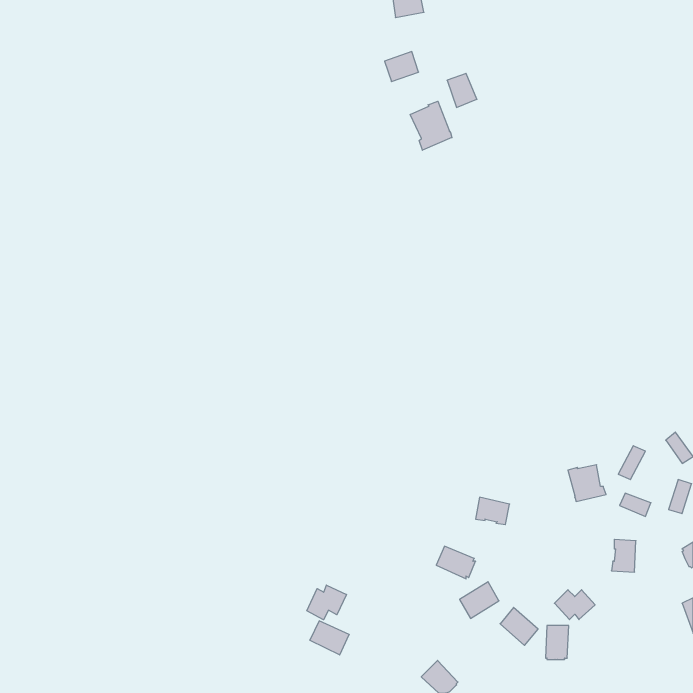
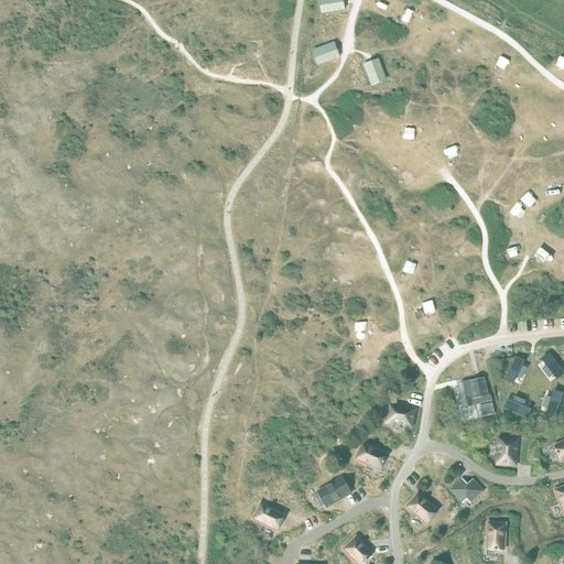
building: [410,101,452,150] -> none
building: [460,582,499,618] -> [317,477,349,507]
building: [307,585,346,620] -> none
building: [546,626,569,659] -> [486,522,505,550]

